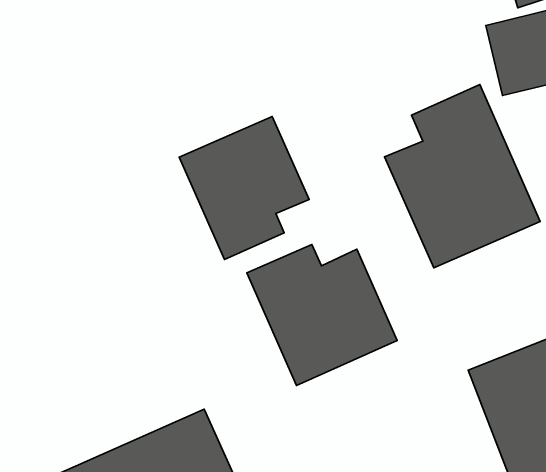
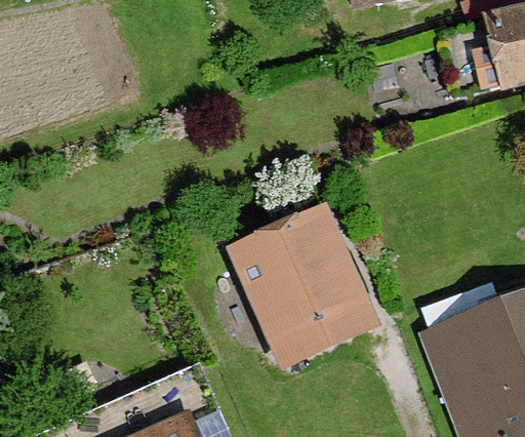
building: [385,84,540,268] -> none
building: [179,116,309,260] -> none

